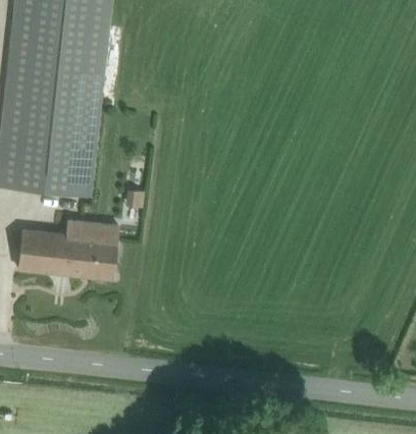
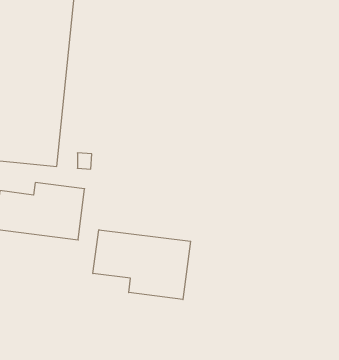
building: none -> [93,230,191,300]

